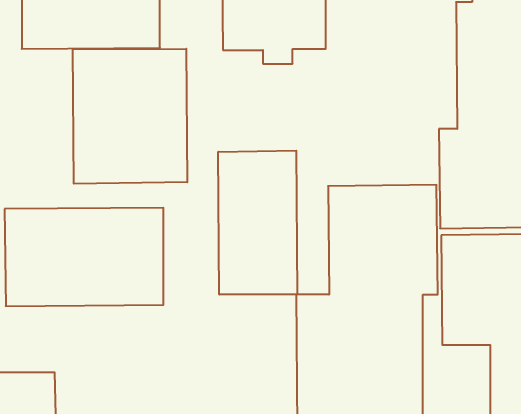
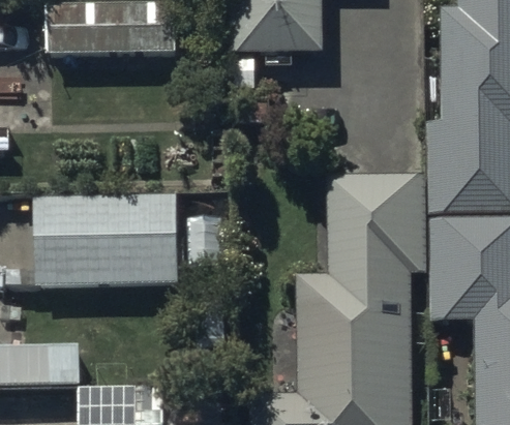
building: [73,49,187,184] -> none
building: [218,151,297,295] -> none

